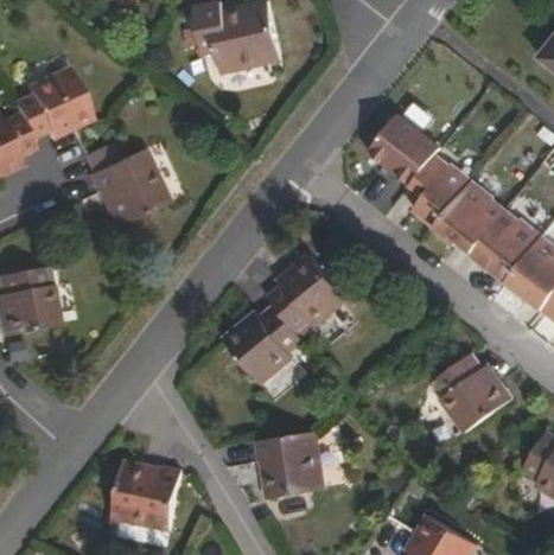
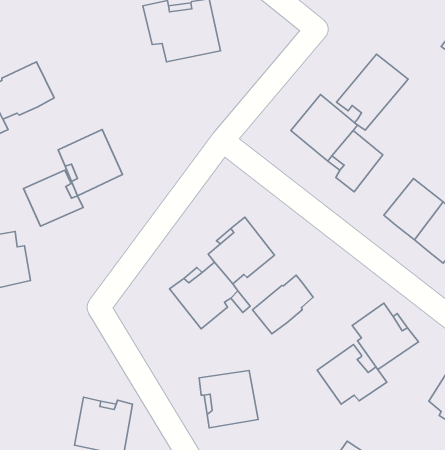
building: none -> [336,54,408,130]
building: [437,181,505,251] -> none
building: none -> [23,170,83,226]
building: none -> [252,275,313,334]
building: none -> [317,345,387,404]

